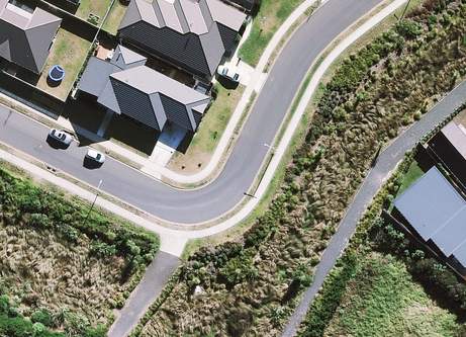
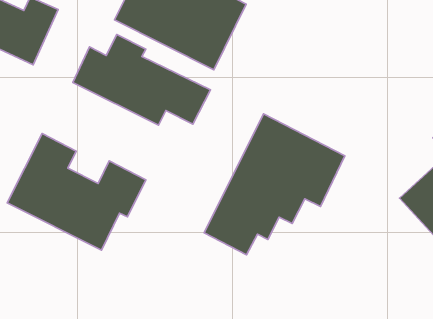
building: none -> [204,114,345,255]
building: none -> [7,134,146,250]

